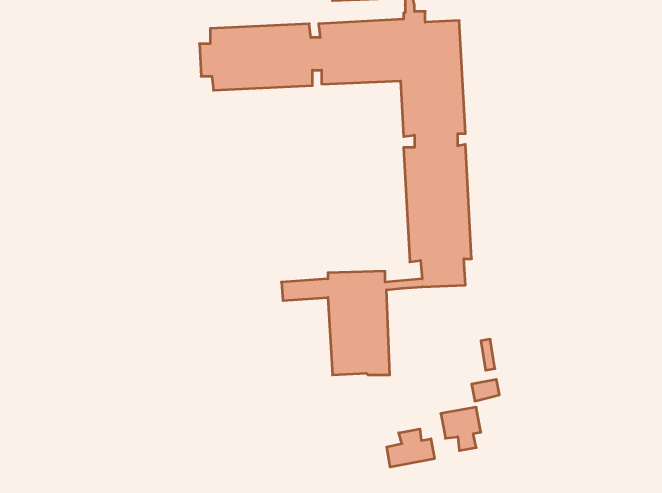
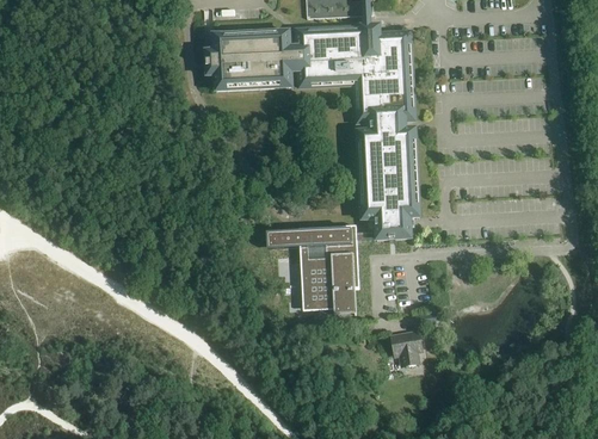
building: [387,429,434,467] -> none

